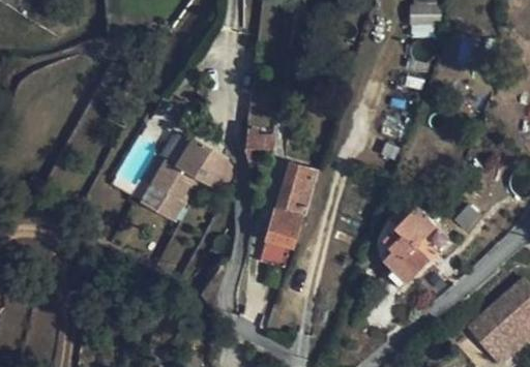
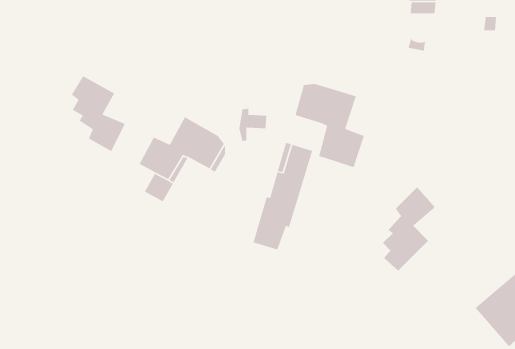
building: none -> [71,75,125,152]
building: none -> [294,83,365,168]

